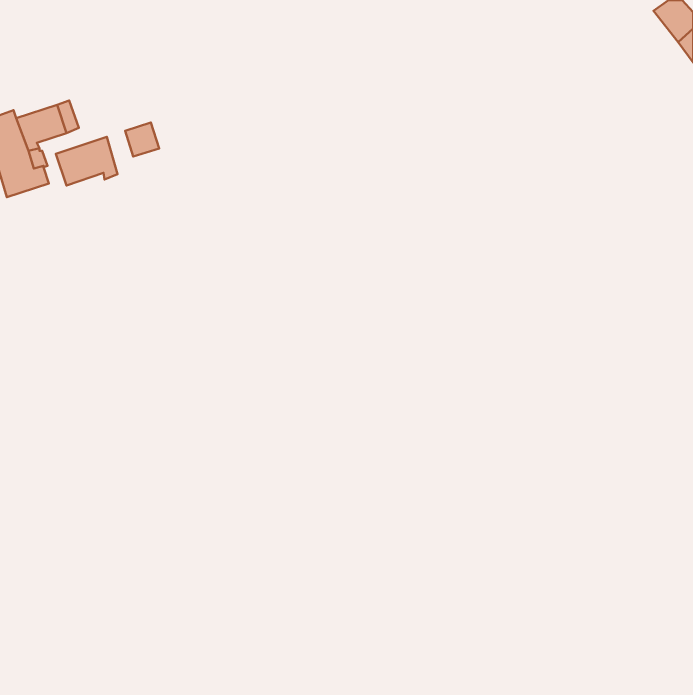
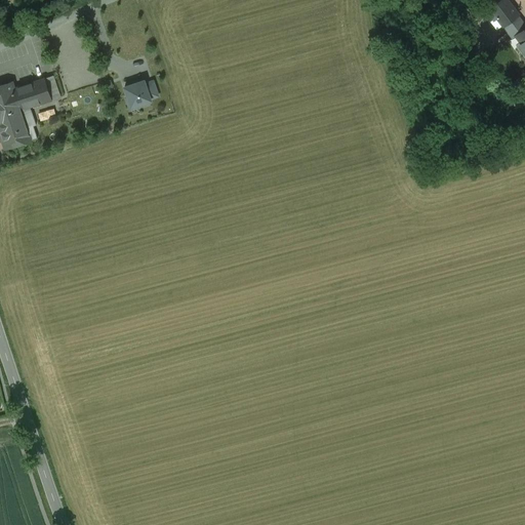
building: [125,123,159,157] -> [124,81,150,107]
building: [56,137,118,186] -> none

